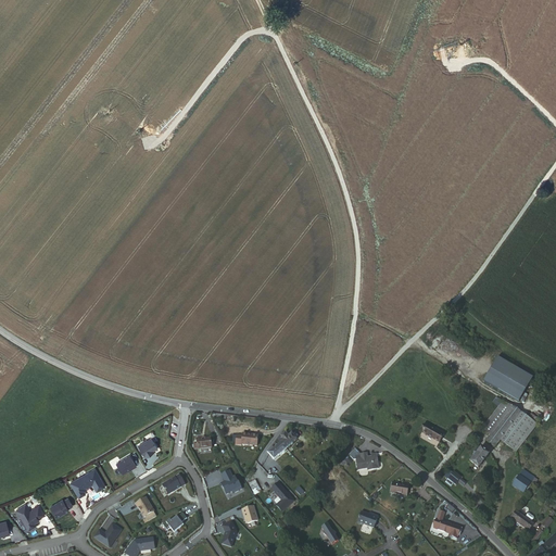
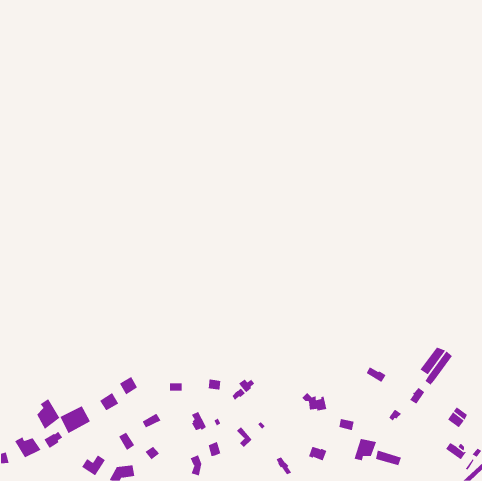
building: [481,354,531,399] -> none
building: [501,409,538,450] -> none
building: none -> [36,398,60,430]
building: none -> [354,438,377,461]

